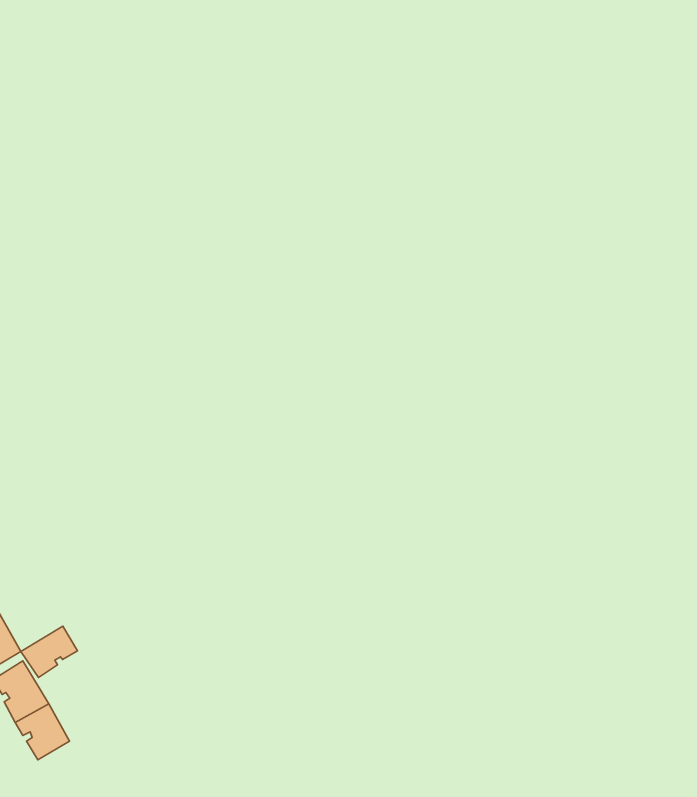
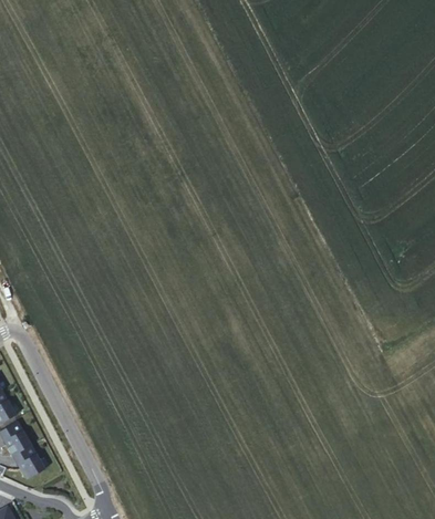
building: [21,626,77,678] -> none

